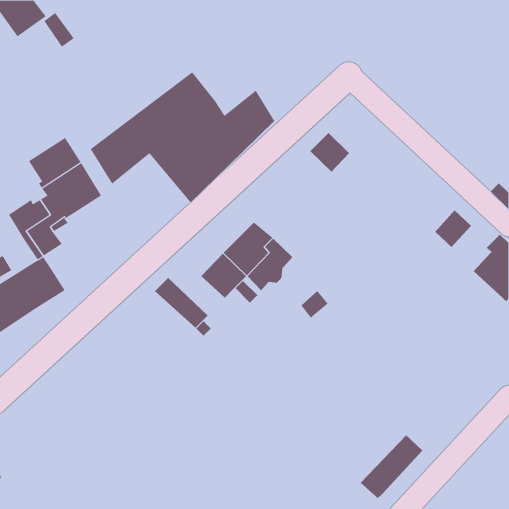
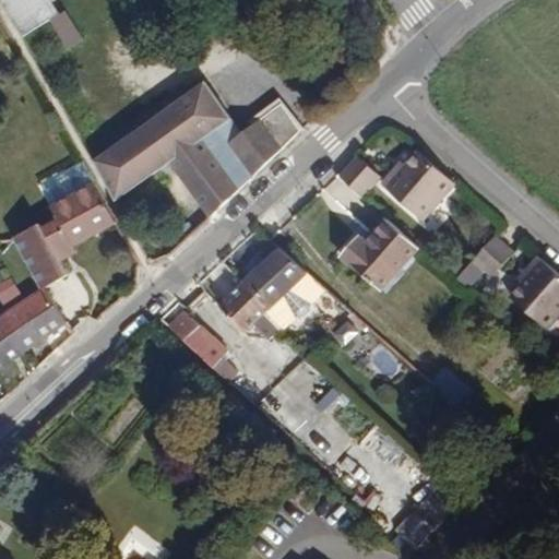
building: none -> [379,147,453,218]
building: none -> [338,216,417,288]

